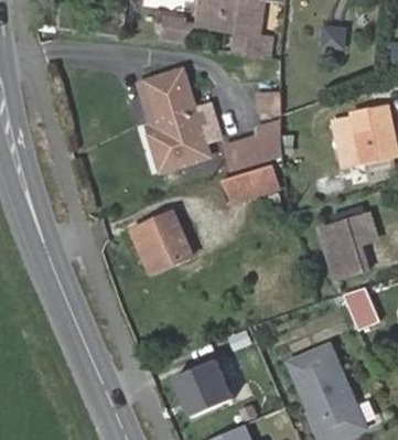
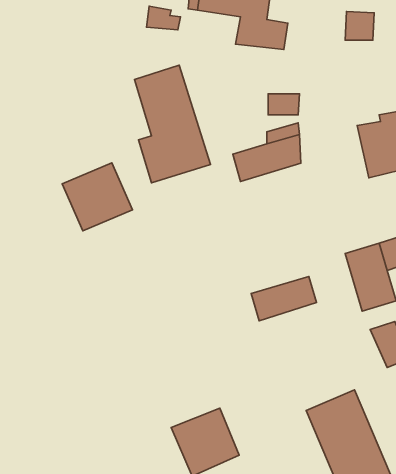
building: [223,164,278,202] -> [251,276,317,321]
building: [131,212,191,269] -> [62,163,133,231]

